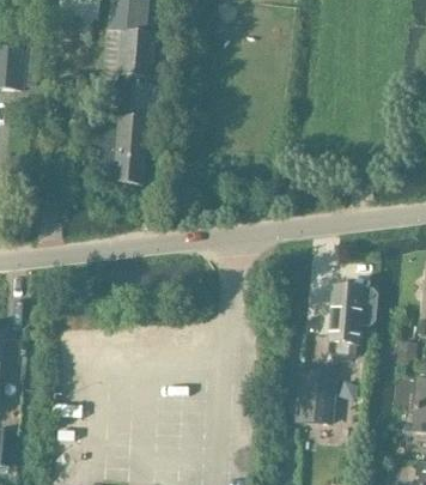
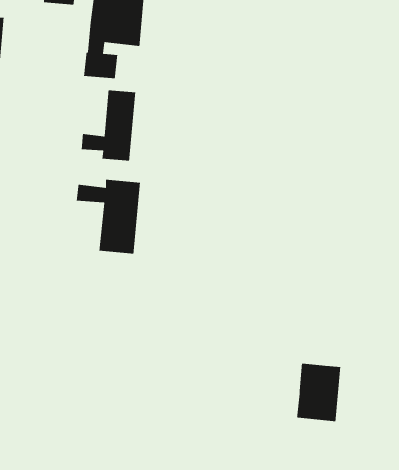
building: none -> [76,179,141,255]
building: [329,286,378,344] -> none

